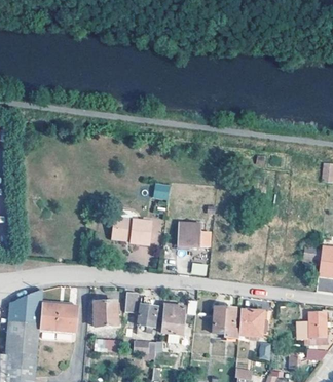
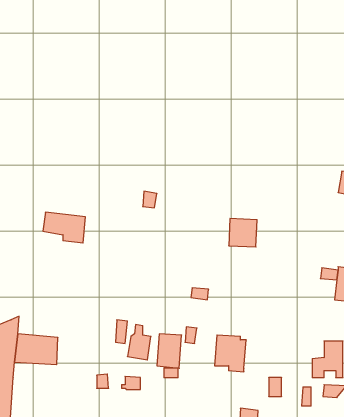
building: [113,218,150,244] -> [43,212,85,243]
building: [177,221,201,245] -> [229,219,257,247]
building: [95,300,117,327] -> none
building: [238,308,263,335] -> none

